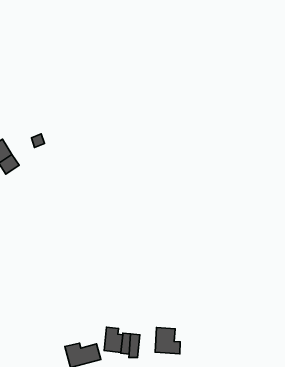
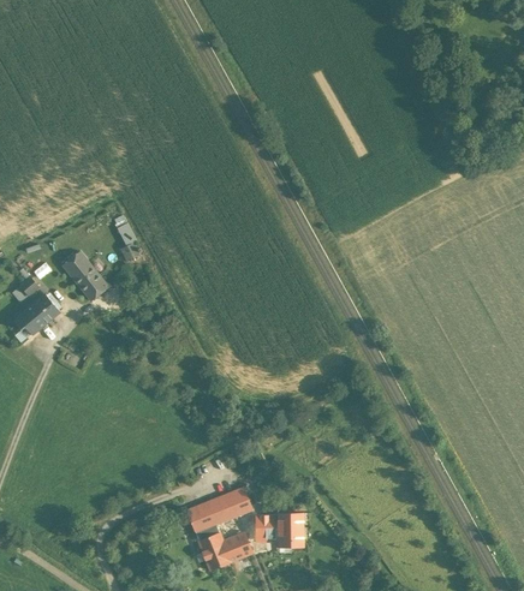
building: none -> [185,488,251,541]
building: [155,328,180,354] -> none

